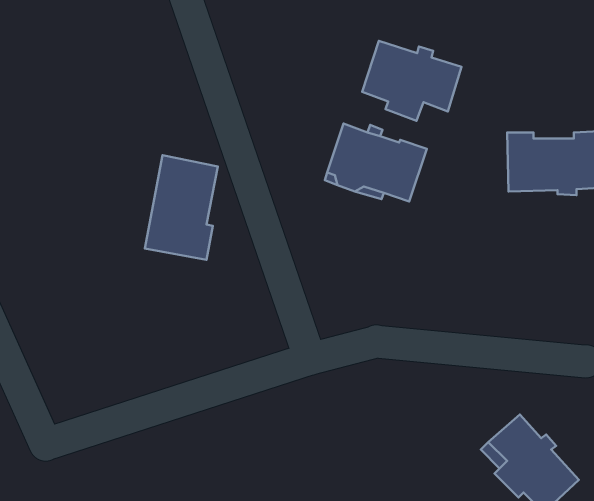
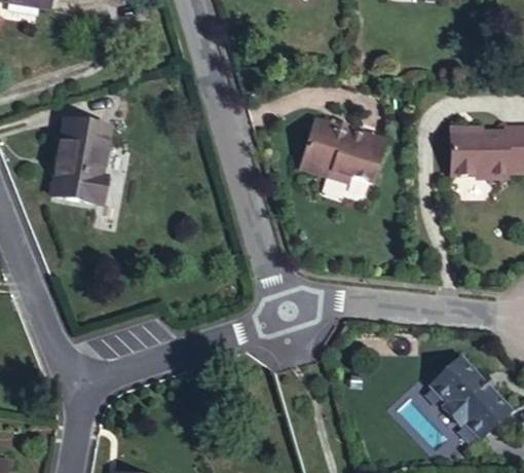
building: [362,41,462,121] -> none
building: [145,155,218,260] -> [50,118,110,204]

